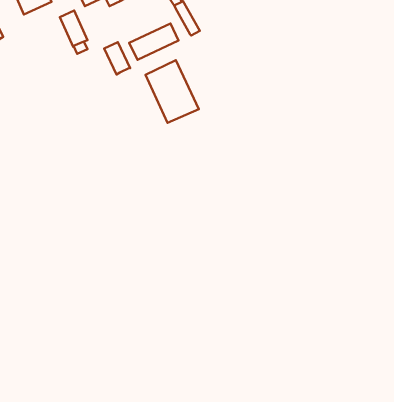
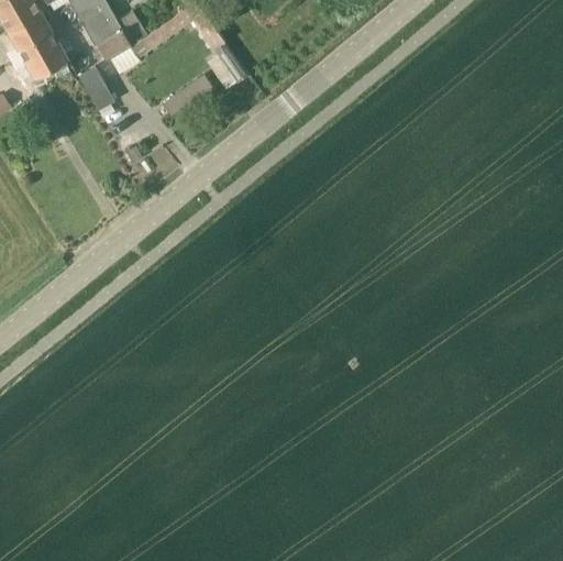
building: [104,42,130,74] -> none
building: [145,60,199,123] -> none

